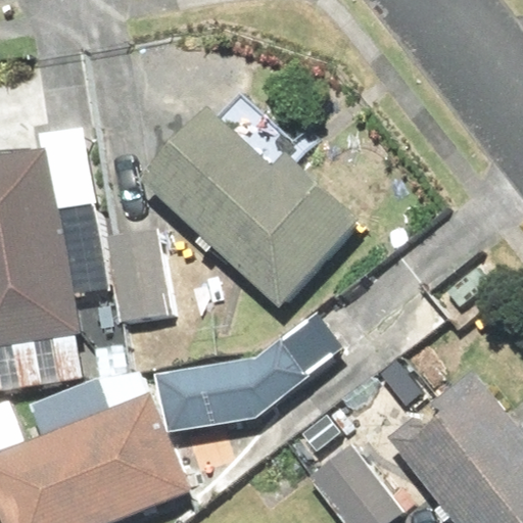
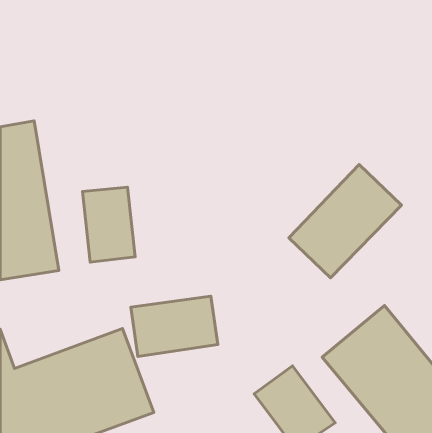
building: [141,108,360,311] -> none
building: none -> [289,165,402,278]

